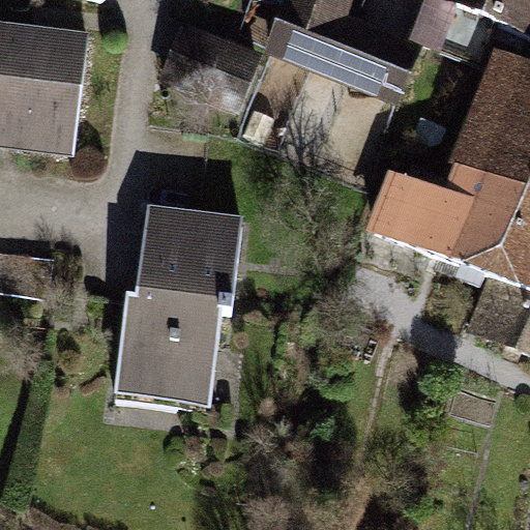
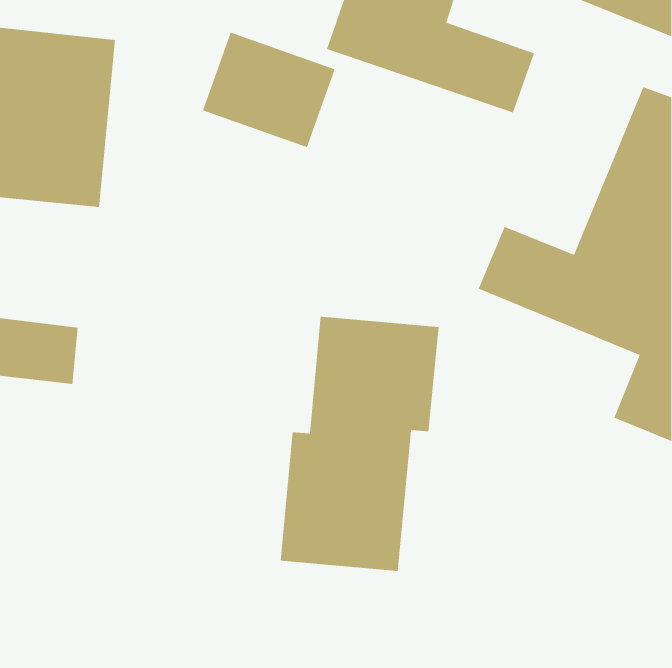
building: [116,203,240,402] -> [280,316,440,572]

